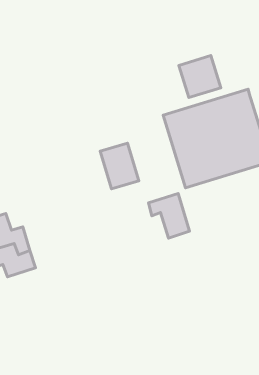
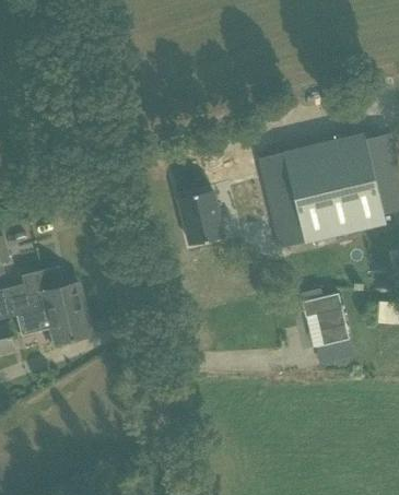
building: [179,56,221,98] -> none
building: [148,194,189,238] -> [303,292,351,345]

